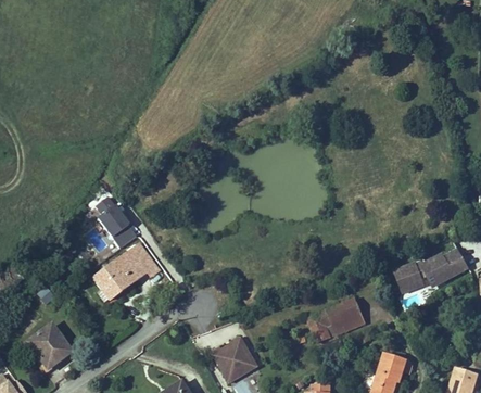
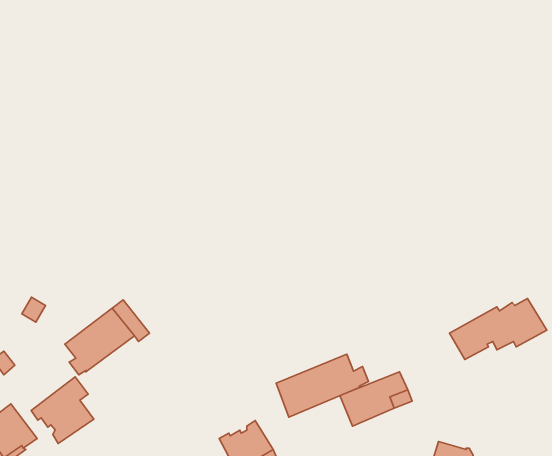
building: [96,197,128,237] -> none
building: none -> [276,354,369,417]
building: none -> [31,377,94,444]

